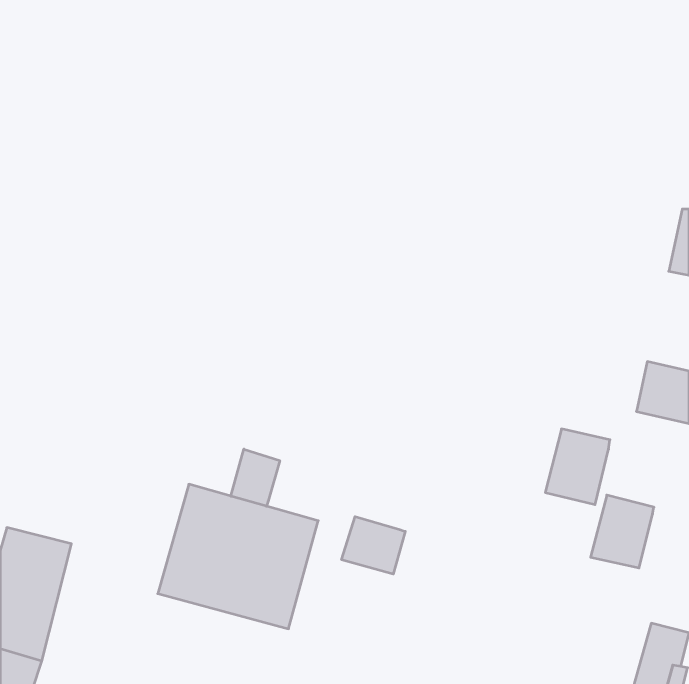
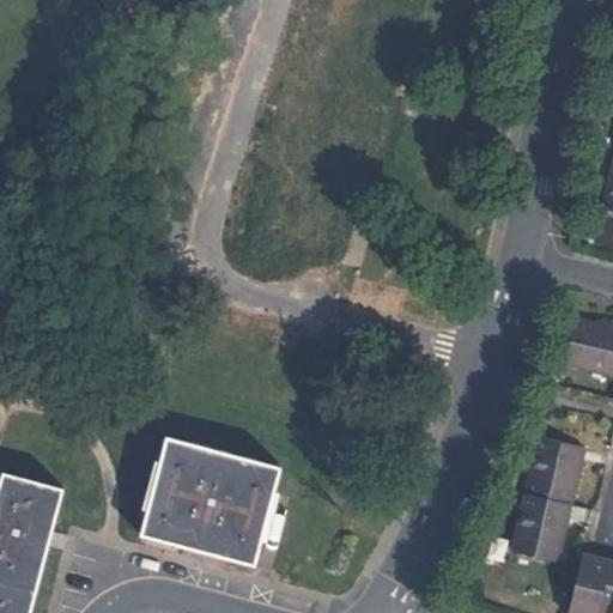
building: [545,429,610,505] -> [510,499,568,566]
building: [231,449,280,506] -> none
building: [342,517,405,574] -> none

